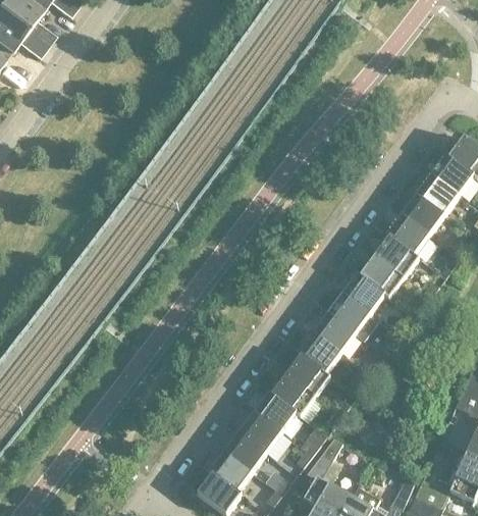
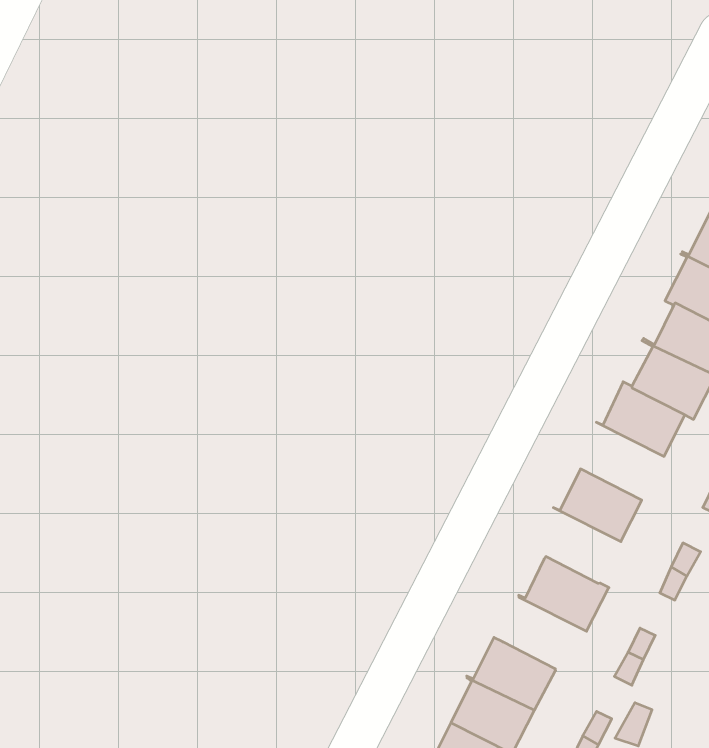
building: [326,291,378,341] -> none
building: [296,330,340,373] -> none
building: [271,373,315,417] -> none

